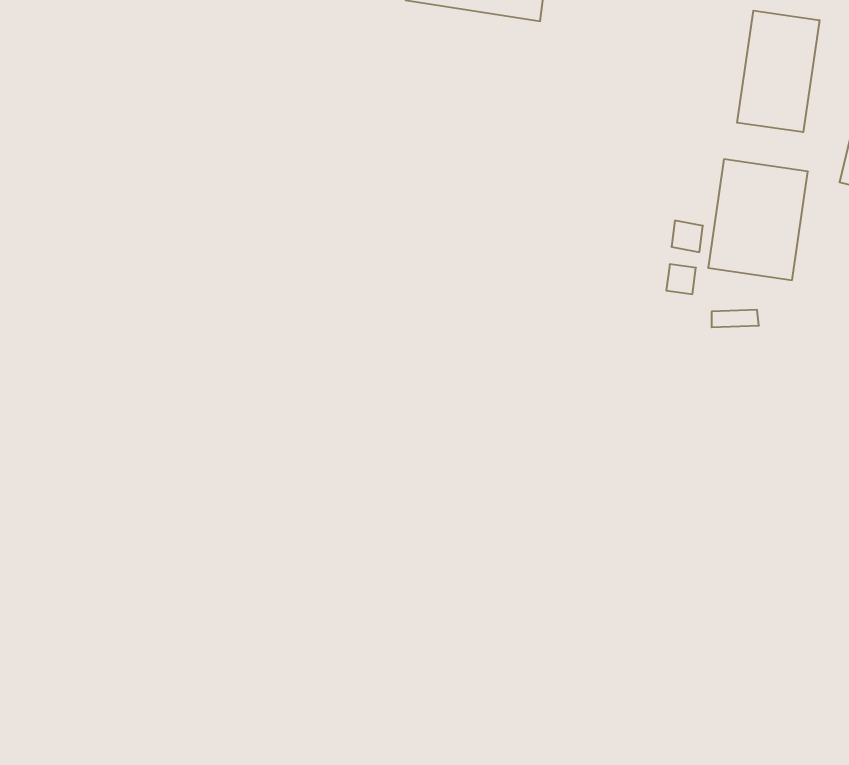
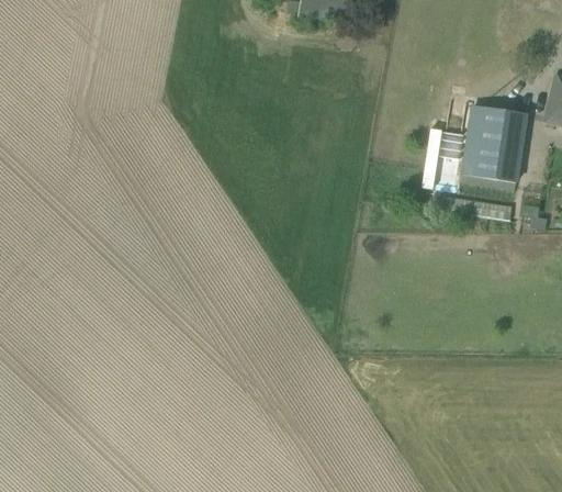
building: [737,11,819,132] -> none

